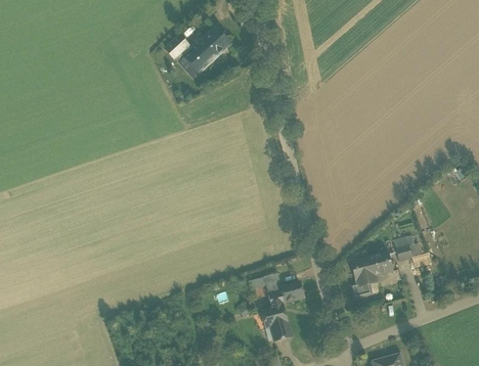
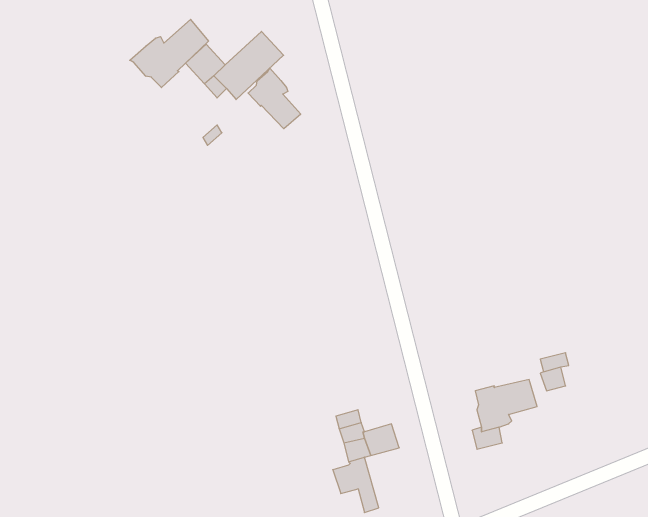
building: none -> [130,19,209,88]
building: none -> [248,68,301,129]

